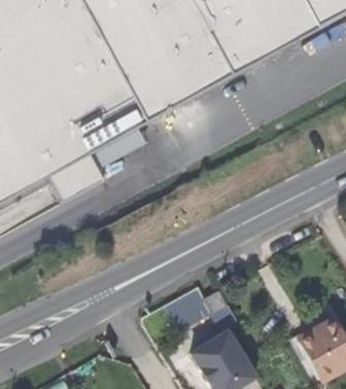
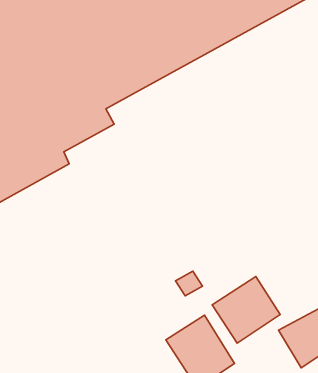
building: none -> [212,276,280,343]

